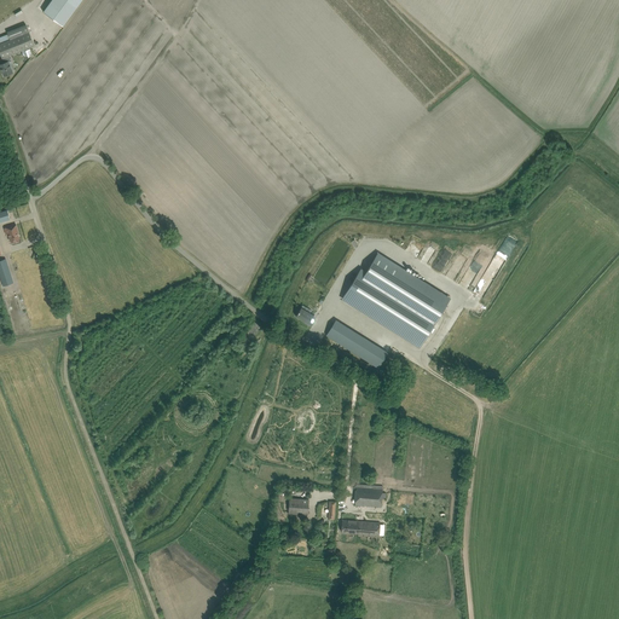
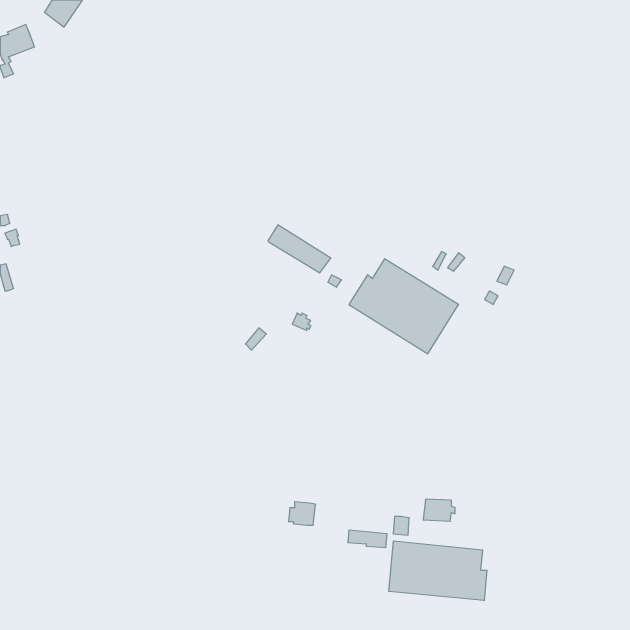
building: [326,320,388,368] -> [268,225,331,273]
building: [354,485,386,507] -> [423,499,455,521]
building: none -> [389,541,487,601]

